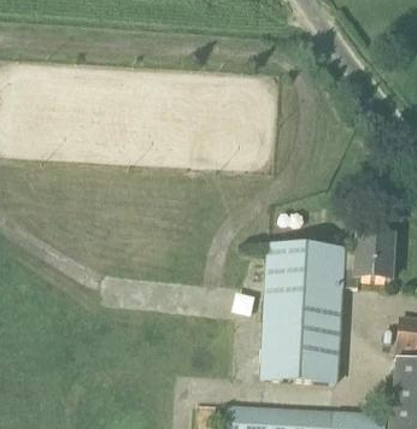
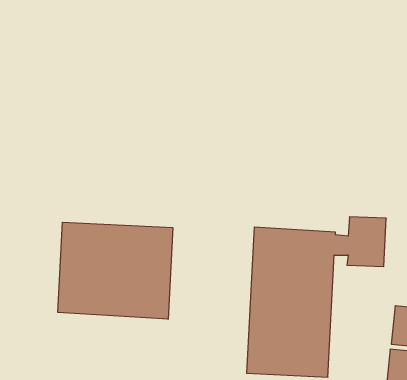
building: none -> [58,222,173,319]

